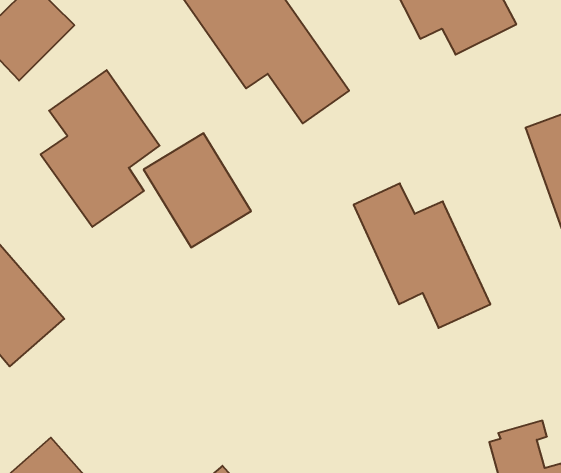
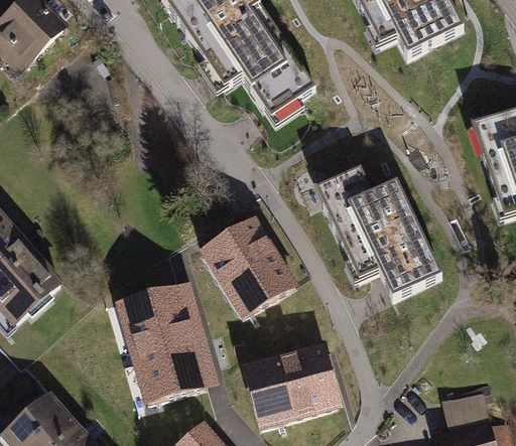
building: [41,70,160,227] -> none
building: [144,133,251,247] -> [202,212,297,314]
building: none -> [118,278,218,399]
building: none -> [245,340,341,423]

